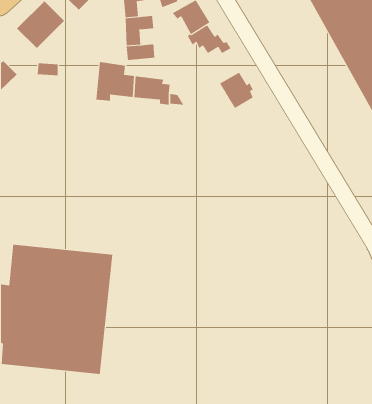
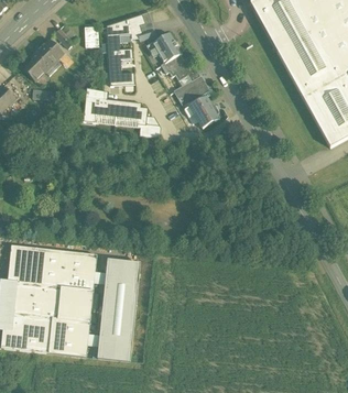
building: none -> [176,76,209,106]
building: none -> [97,258,140,361]

